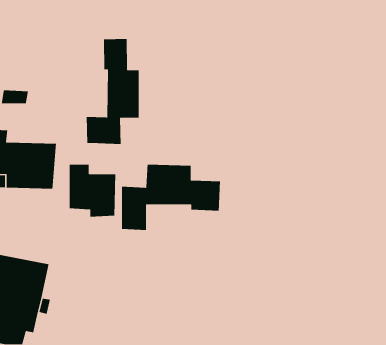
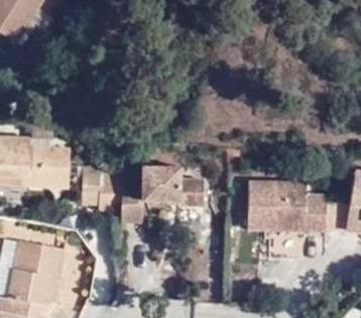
building: [86,38,139,145] -> none
building: none -> [250,181,329,232]

